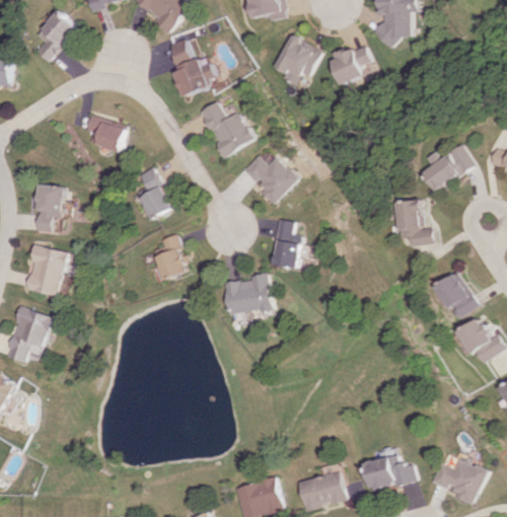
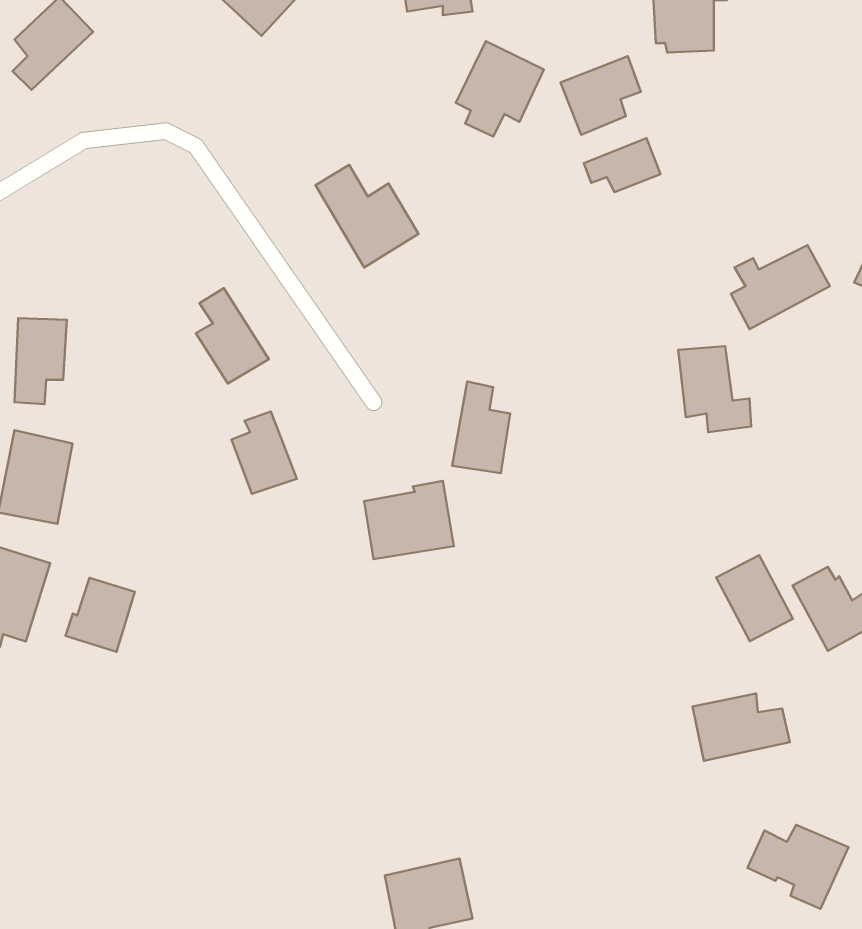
building: [167,39,214,95] -> none
building: none -> [584,138,661,192]
building: [82,116,124,151] -> none
building: [242,155,298,204] -> none
building: [434,272,476,318] -> [716,555,793,641]
building: none -> [65,578,135,652]
building: [364,454,417,491] -> [693,694,790,761]
building: [297,470,346,510] -> none

